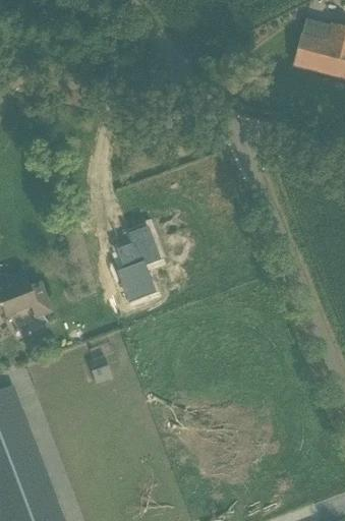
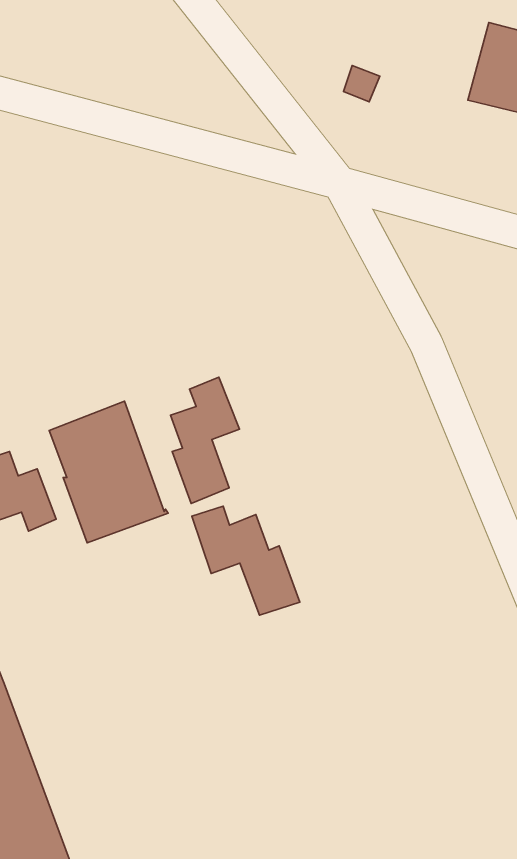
building: none -> [49,401,168,543]
building: none -> [192,506,300,615]

